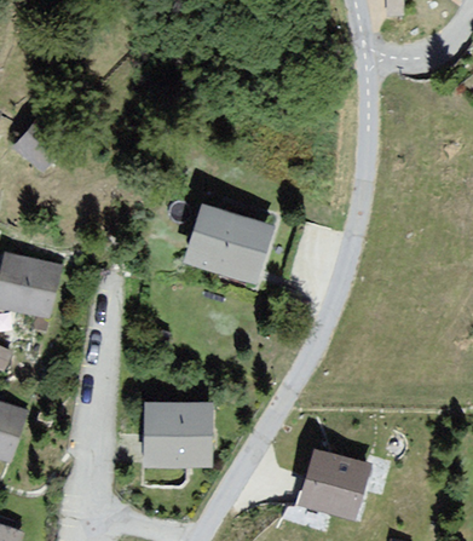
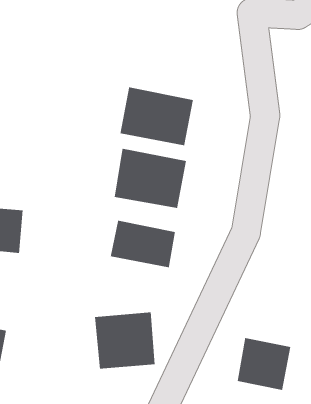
building: none -> [120,86,193,146]
building: none -> [110,220,176,268]

